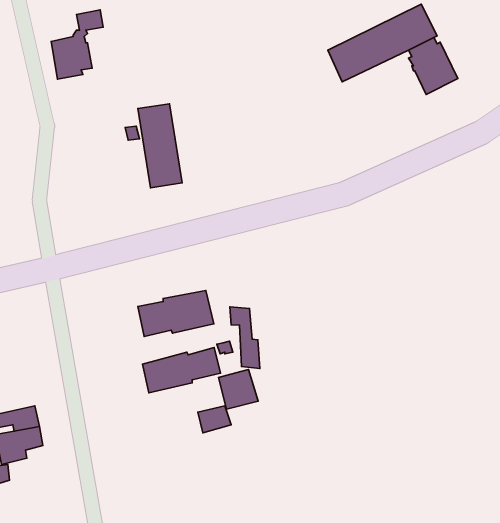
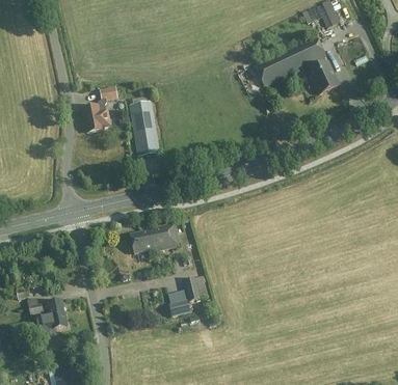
building: [51,10,103,79] -> [82,86,116,132]
building: [230,307,260,368] -> none
building: [143,348,221,393] -> none

